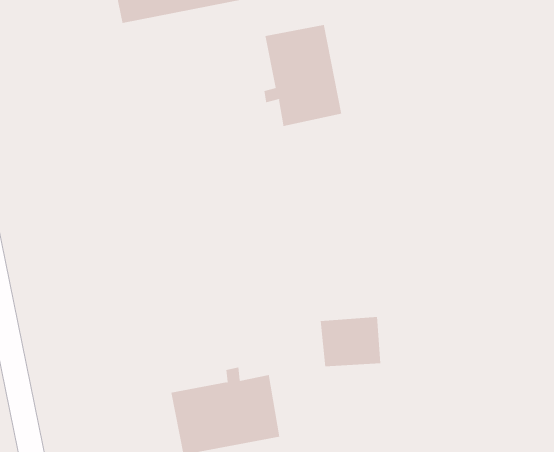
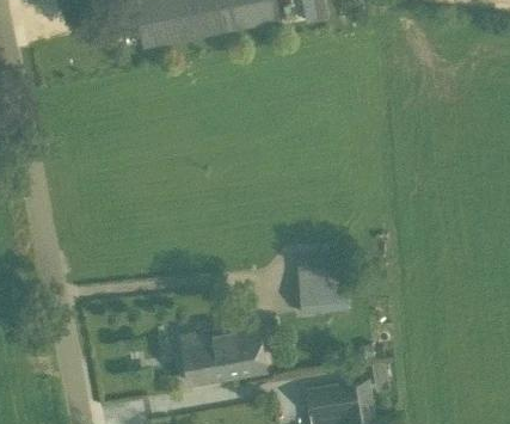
building: [264,24,342,127] -> none

